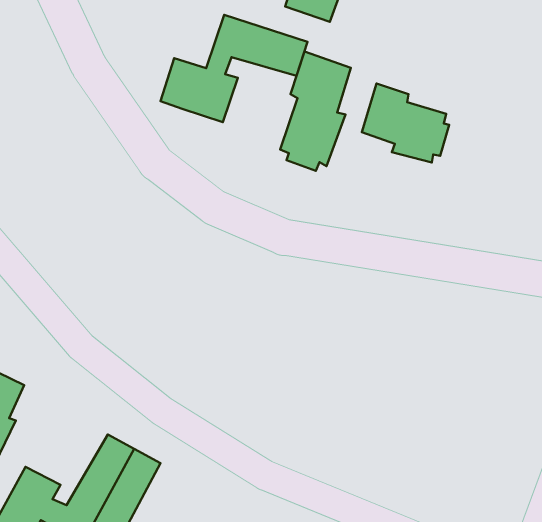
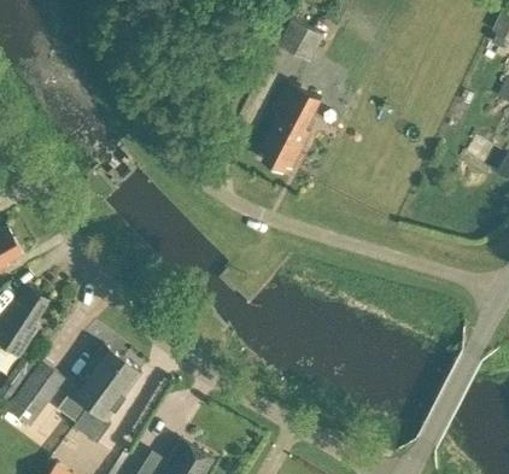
building: [160,15,308,122] -> none
building: [362,84,449,163] -> none

